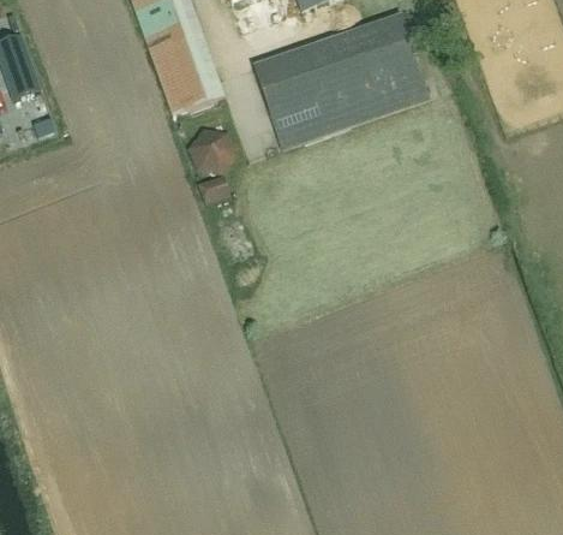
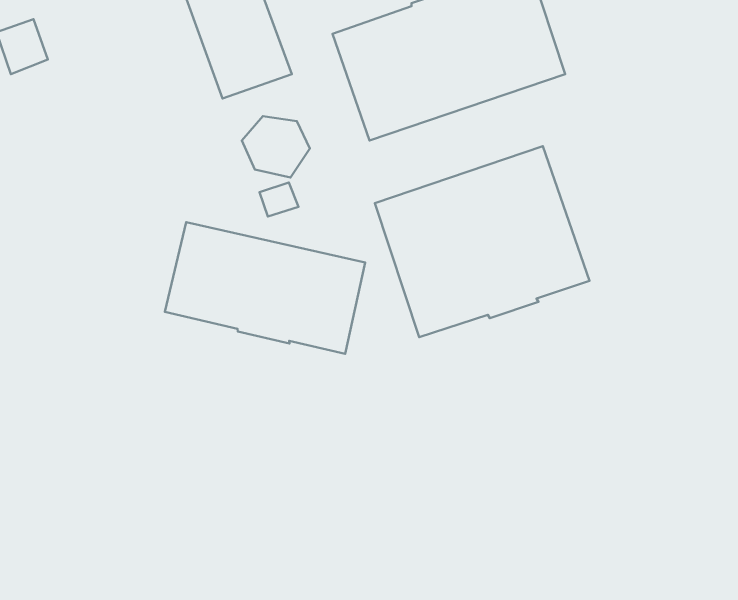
building: none -> [375,146,589,337]
building: none -> [165,222,365,354]

